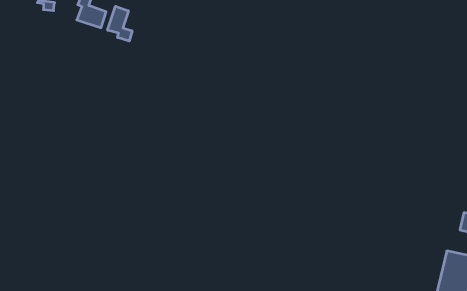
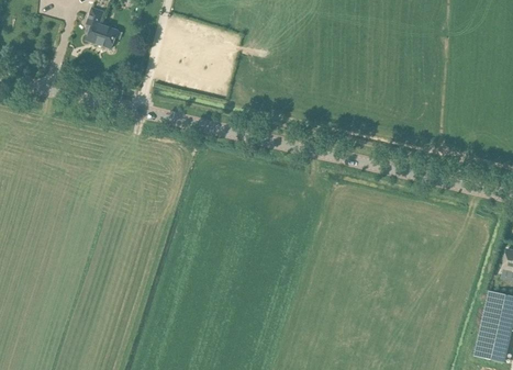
building: [108,6,132,41] -> none

